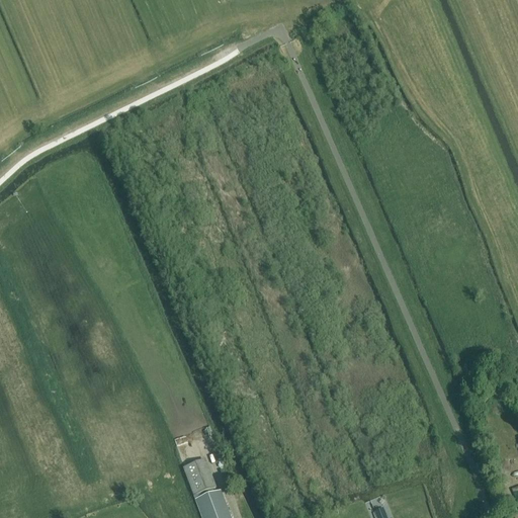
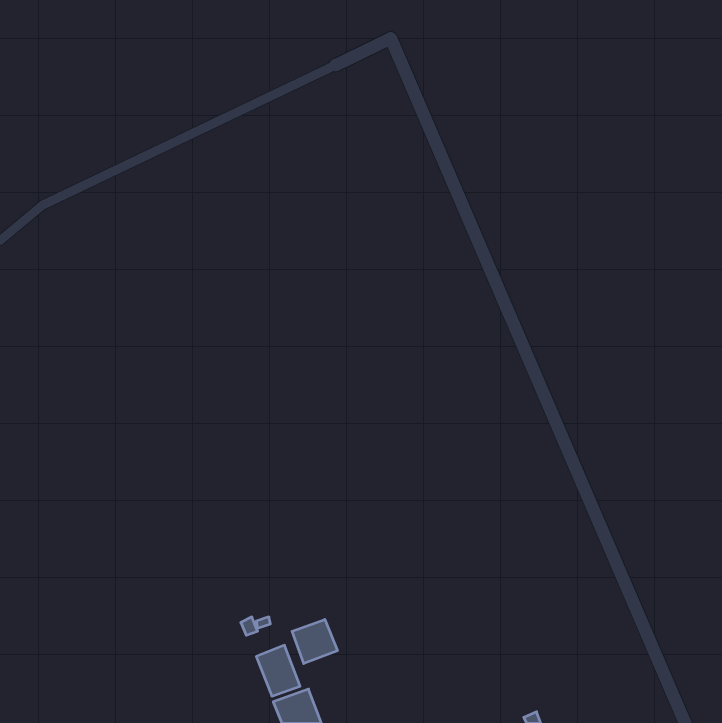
building: none -> [292,619,337,664]

